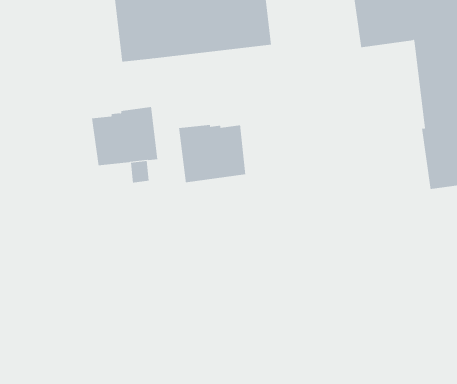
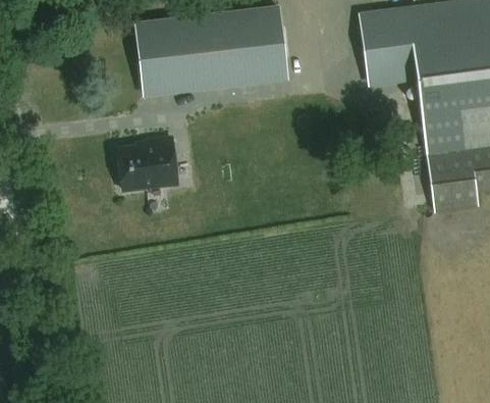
building: [179,124,246,183] -> none

